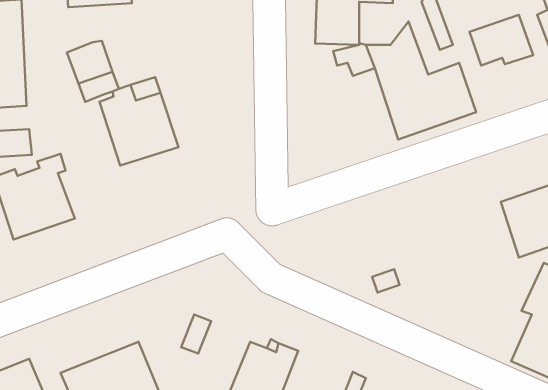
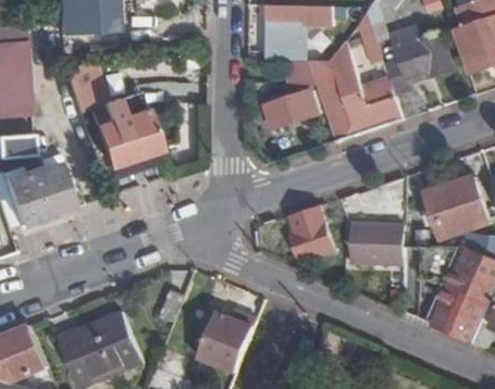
building: none -> [265,91,318,128]
building: none -> [286,203,332,254]
building: none -> [351,222,408,267]

